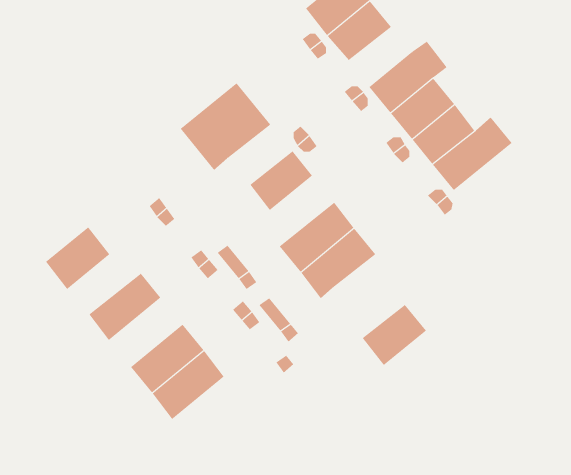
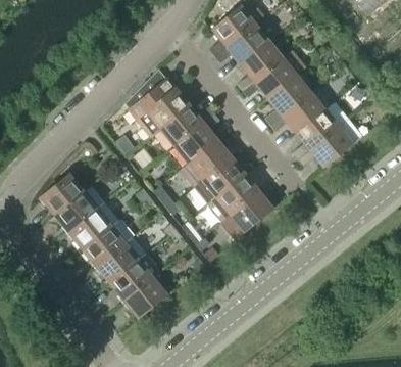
building: none -> [240,41,282,81]
building: none -> [160,105,203,145]
building: none -> [309,118,362,168]
building: none -> [180,139,231,186]
building: none -> [54,186,103,231]
building: none -> [82,220,131,266]
building: [362,304,427,366] -> [230,191,272,232]
building: none -> [123,277,167,318]

